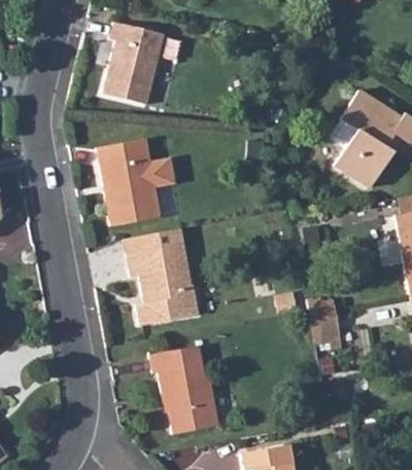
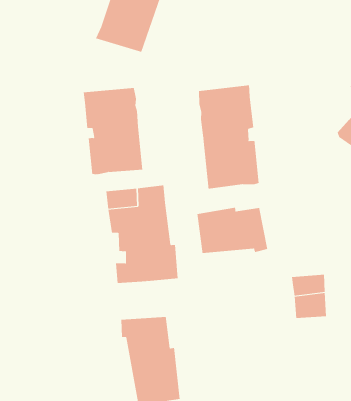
building: none -> [199,85,259,189]
building: none -> [197,207,268,254]

